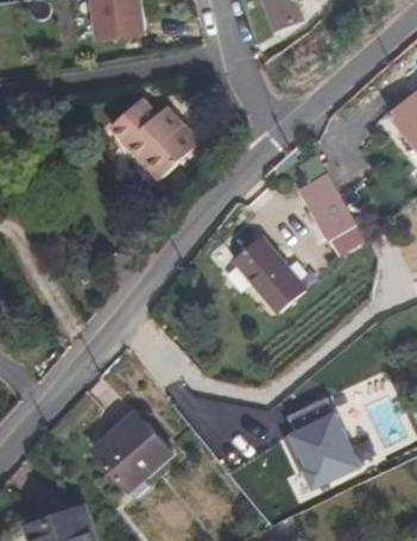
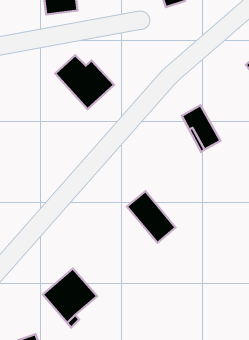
building: [233,237,304,313] -> [127,191,175,243]
building: [290,410,359,485] -> none

